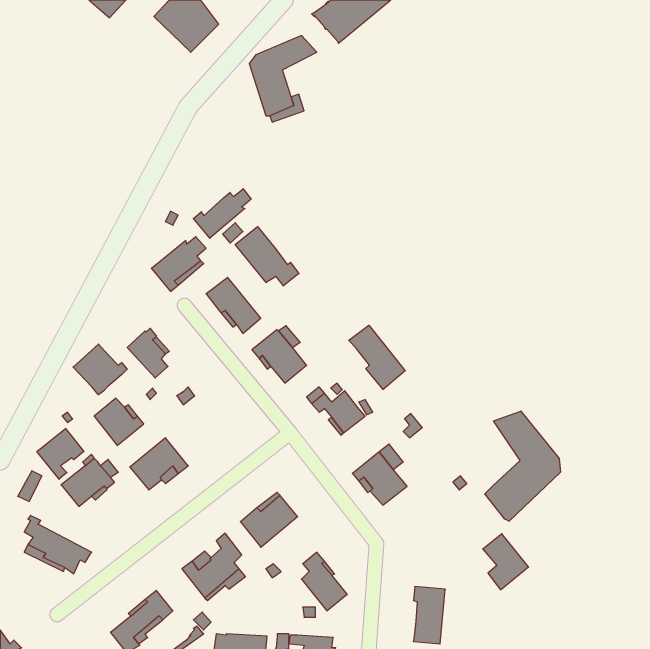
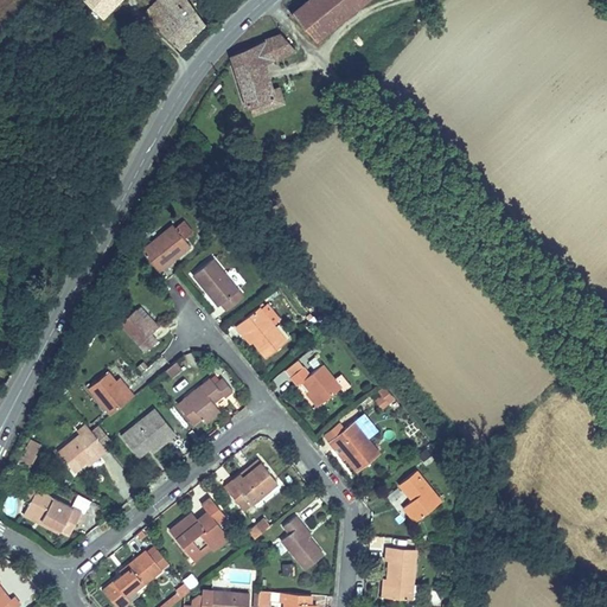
building: [193,189,251,238] -> none
building: [235,227,299,286] -> none
building: [349,325,405,389] -> none
building: [73,344,127,395] -> none
building: none -> [177,378,232,426]
building: [485,411,561,521] -> none
building: [37,428,84,479] -> none
building: [483,534,529,590] -> [398,471,441,523]

